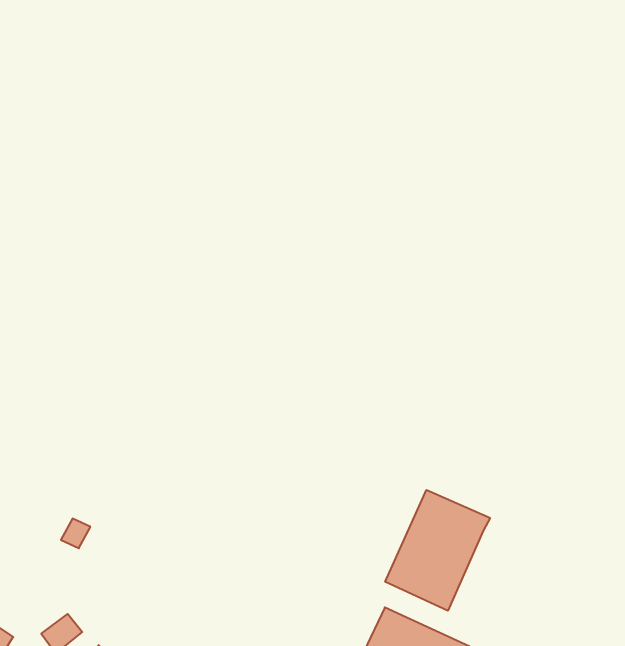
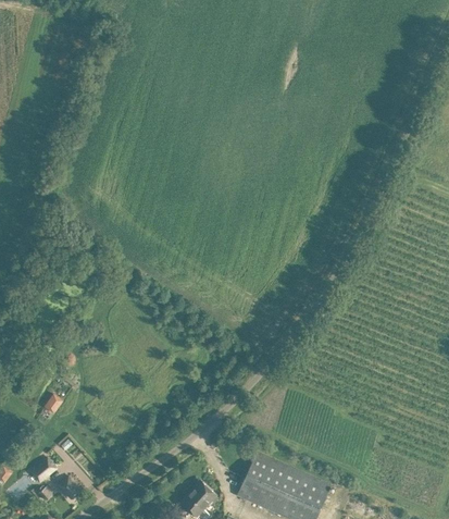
building: [385,490,490,611] -> none

